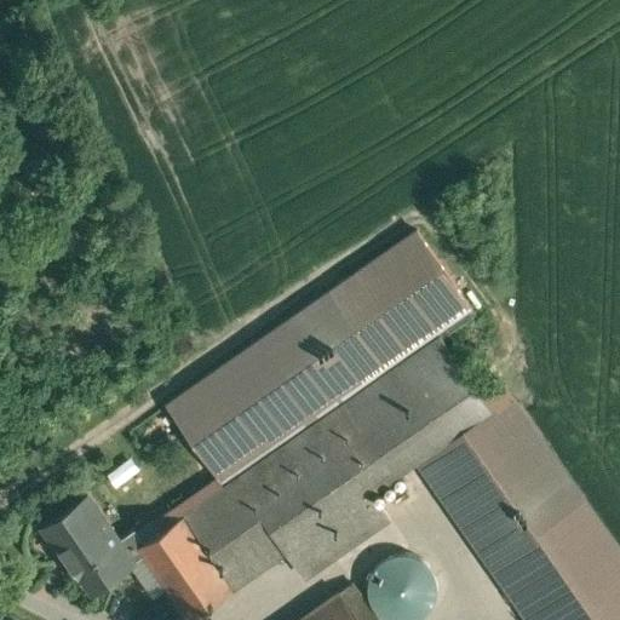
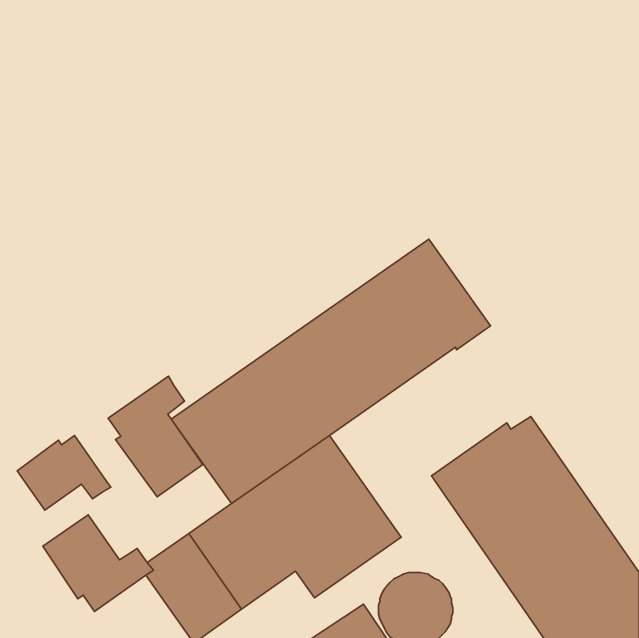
building: [317,339,488,496] -> none
building: none -> [108,376,203,497]
building: none -> [17,435,111,510]

